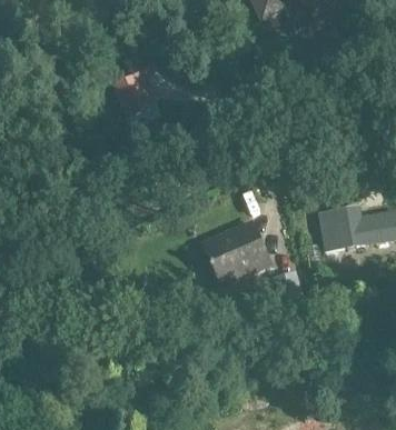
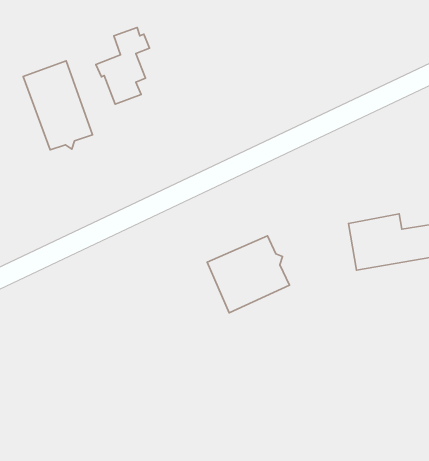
building: none -> [23,61,92,150]

